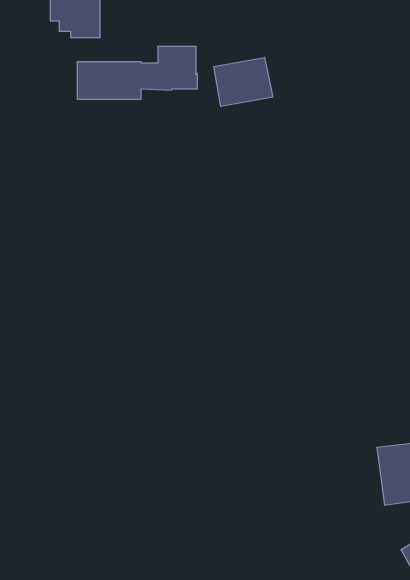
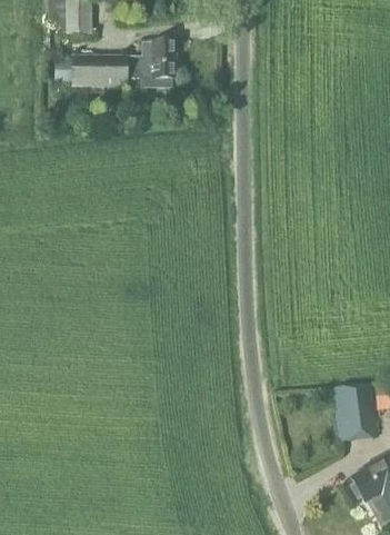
building: [214,57,273,106] -> none

